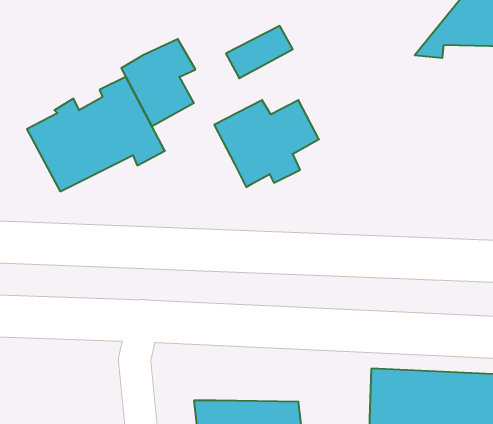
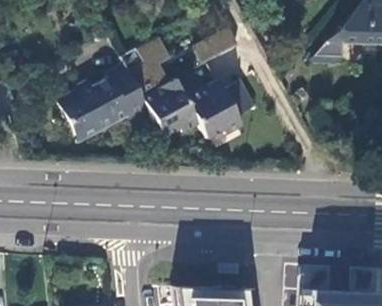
building: none -> [144,79,201,138]

